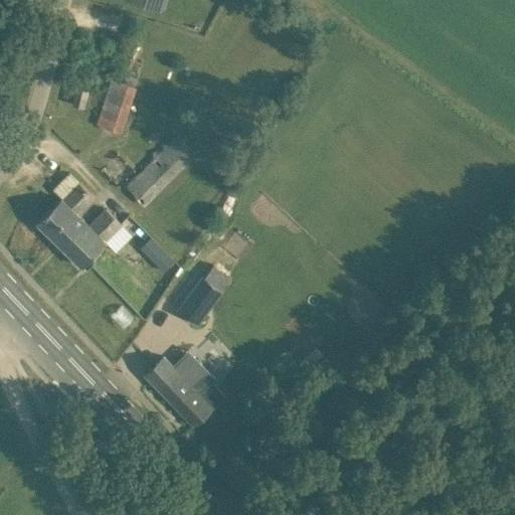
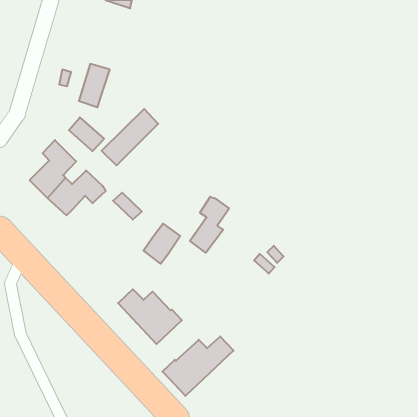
building: none -> [69,117,104,151]
building: none -> [190,197,229,253]
building: none -> [162,336,234,396]

